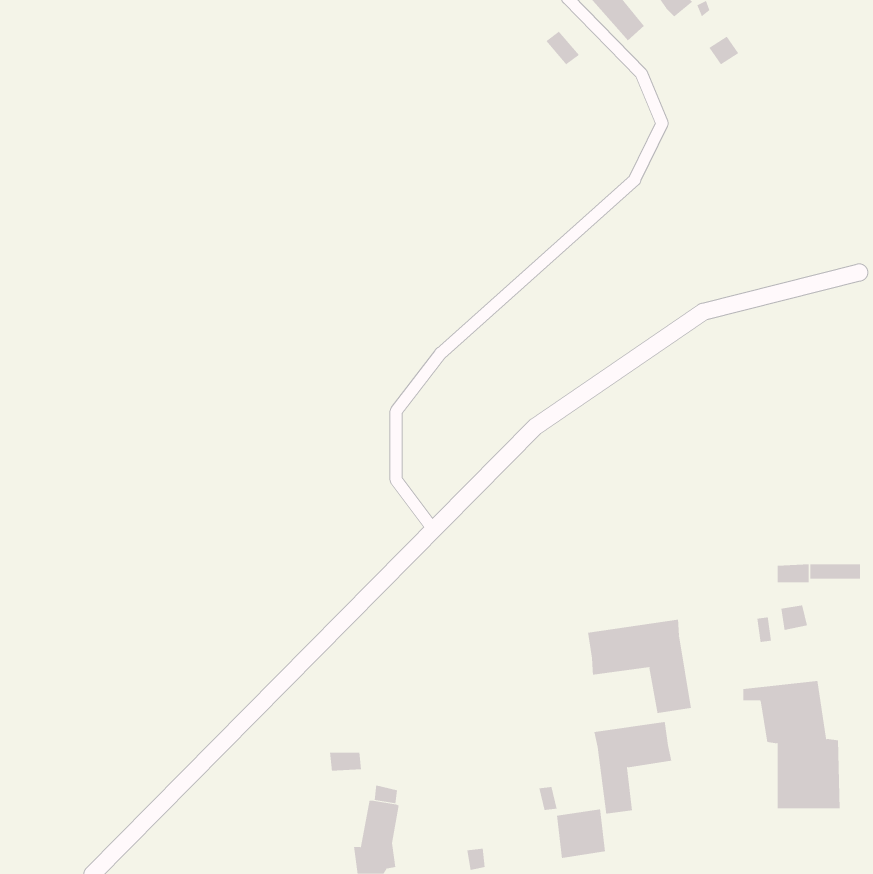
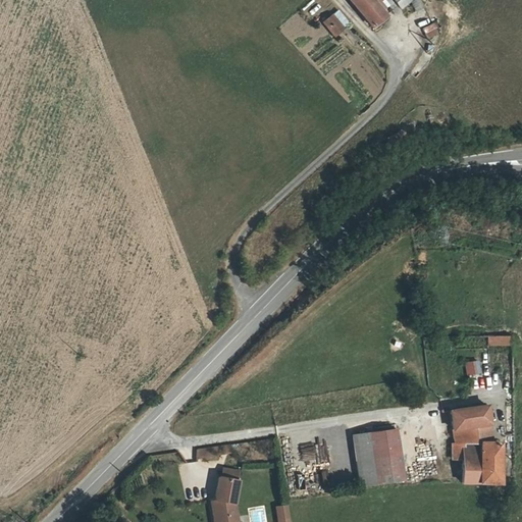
building: [588,619,692,714] -> none
building: [556,809,606,858] -> [375,453,405,482]

